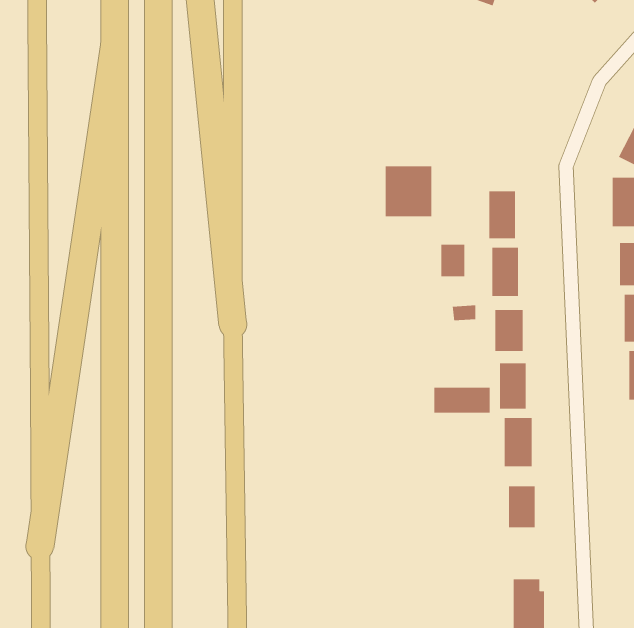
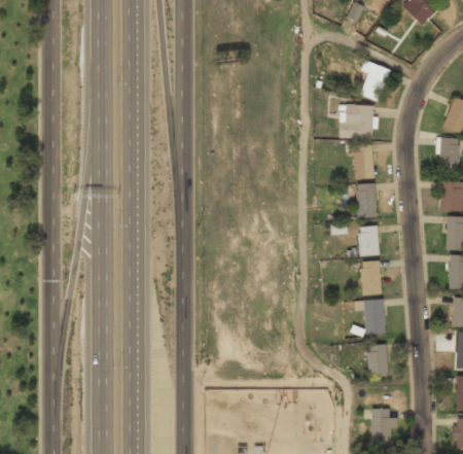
building: none -> [359,63,391,101]
building: [385,165,432,217] -> [342,104,373,139]
building: [440,244,465,277] -> none
building: [433,387,490,414] -> none

